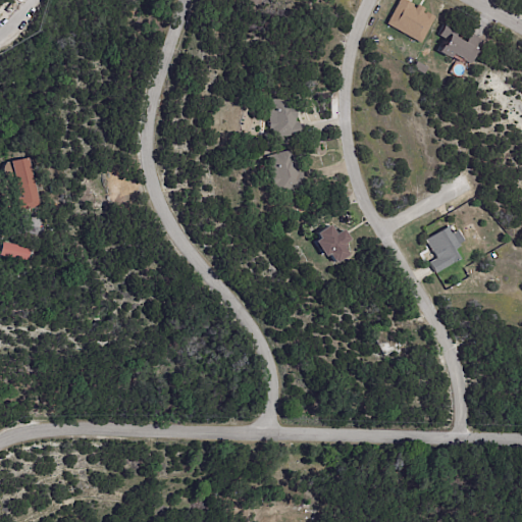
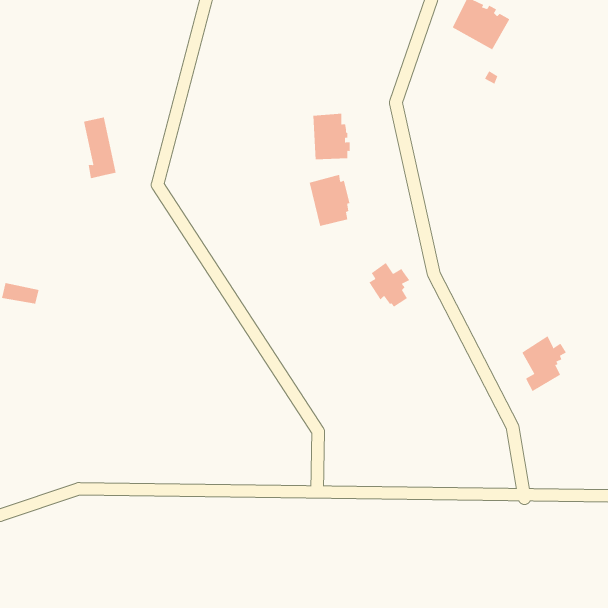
building: [440,23,484,63] -> none
building: [12,157,41,210] -> [83,117,116,179]
building: [427,225,466,273] -> [522,336,567,392]

